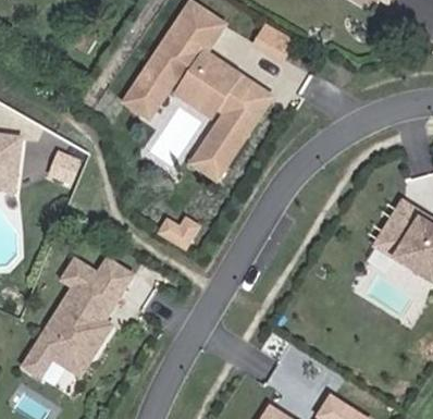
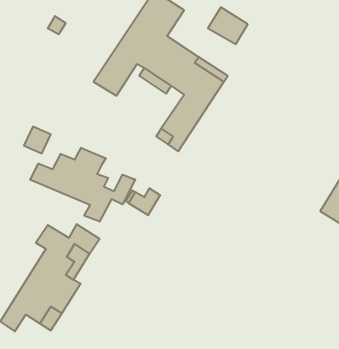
building: none -> [30,148,135,222]

